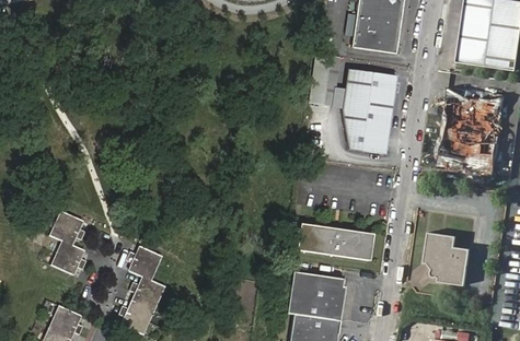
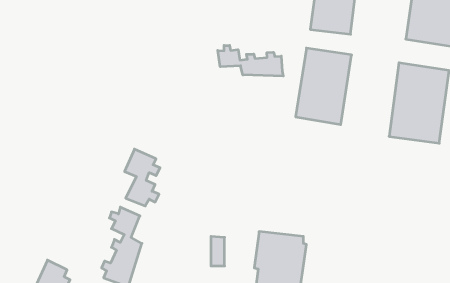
building: none -> [218,45,283,76]
building: [47,209,86,272] -> [125,149,160,206]
building: [298,224,374,263] -> none
building: [426,231,473,284] -> none

